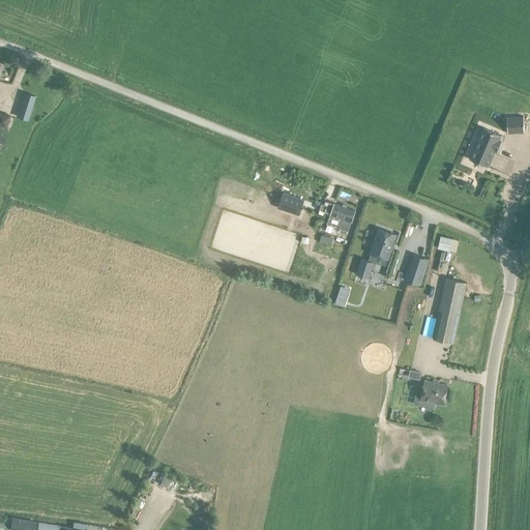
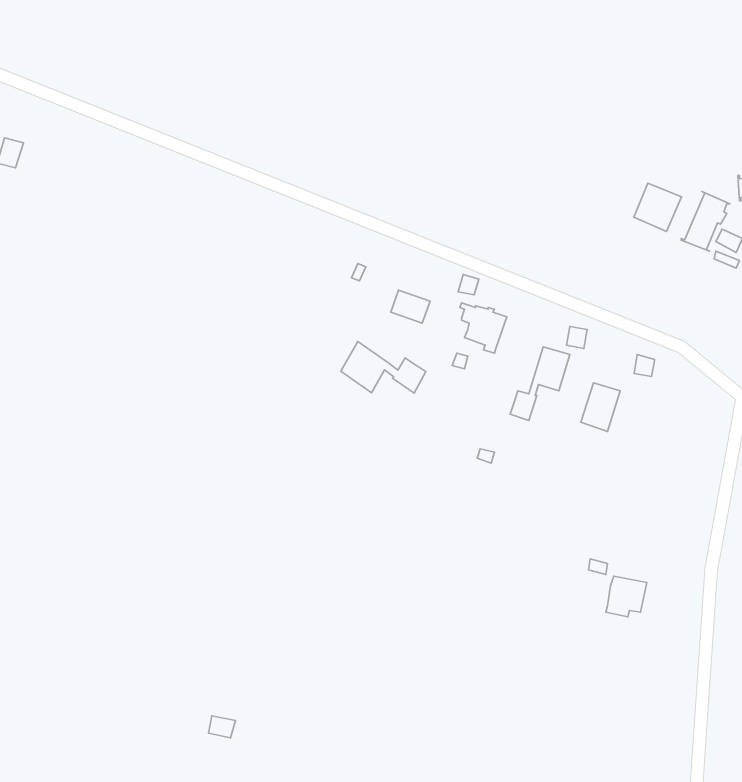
building: none -> [634,183,682,232]
building: none -> [341,341,426,393]
building: [432,278,466,344] -> none

